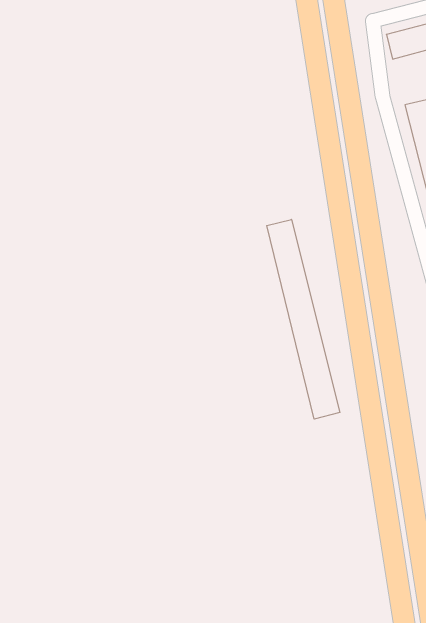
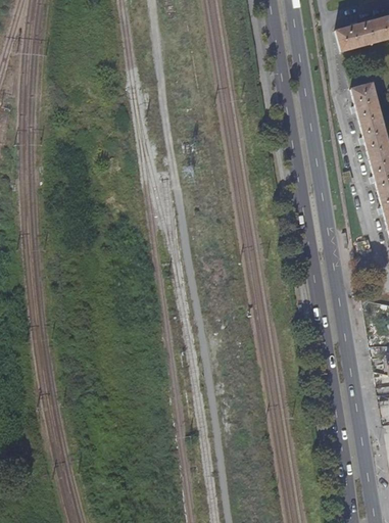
building: [267,219,340,419] -> none

